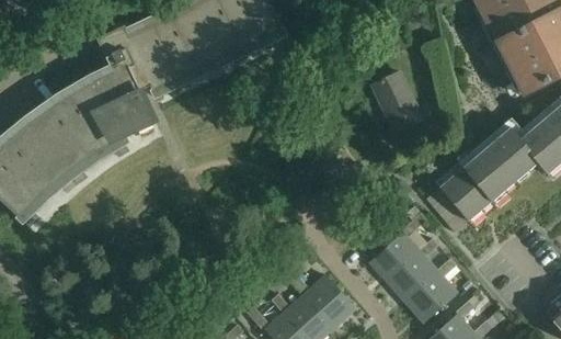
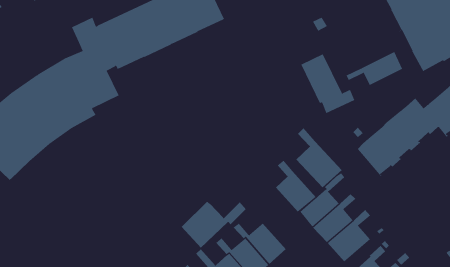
building: none -> [346,51,403,86]
building: none -> [295,128,343,188]
building: none -> [275,160,316,213]
building: none -> [181,201,247,248]

